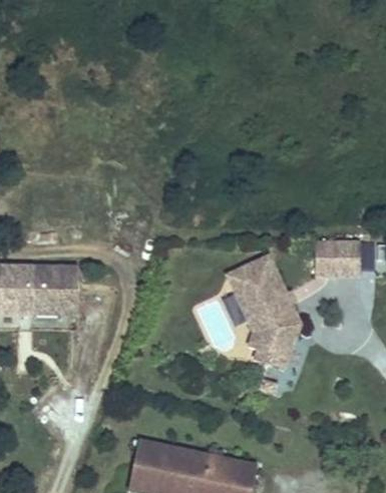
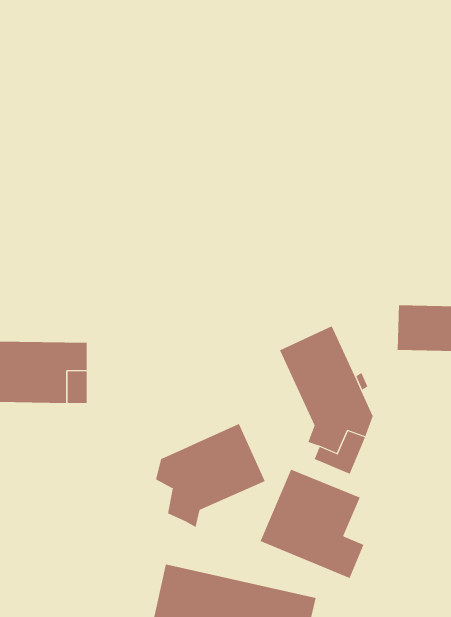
building: none -> [155,423,265,528]
building: none -> [260,469,364,579]

